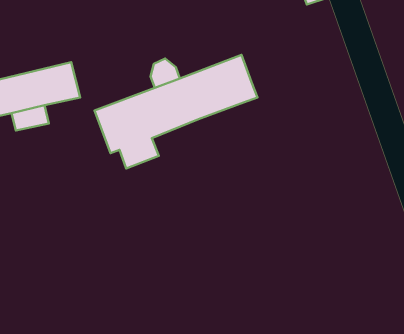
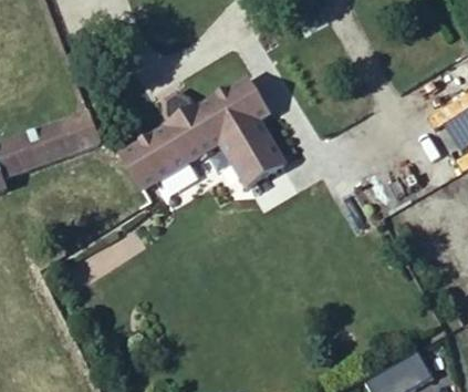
building: none -> [218,121,283,189]

